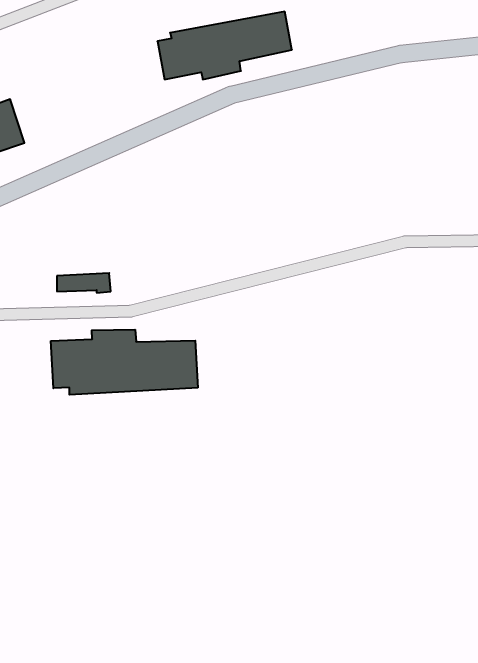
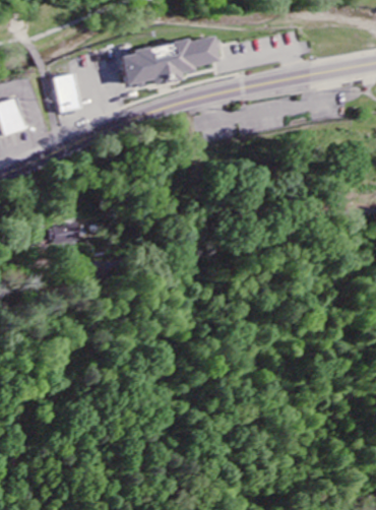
building: none -> [50,72,79,113]
building: [51,330,198,395] -> none

